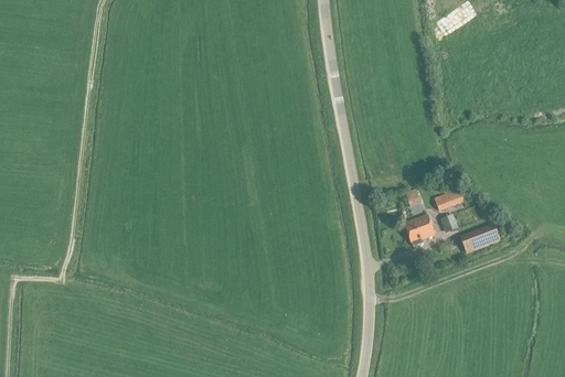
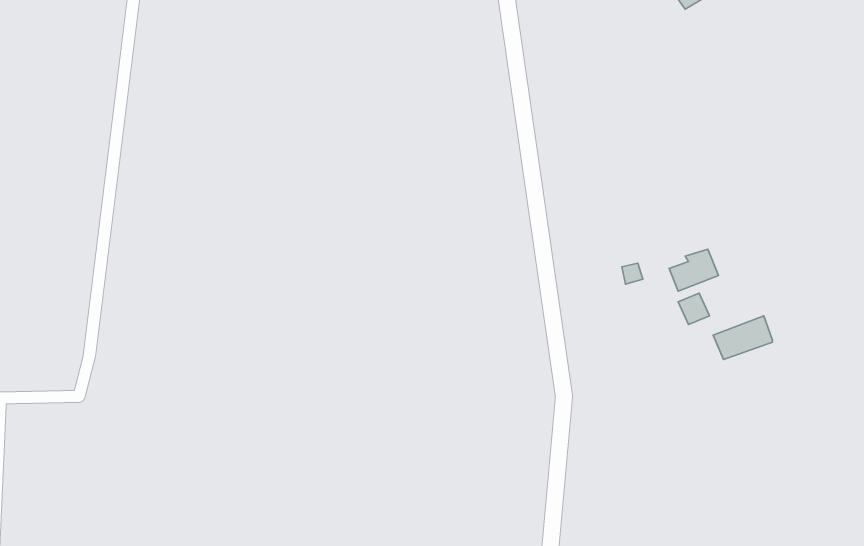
building: [404,215,435,246] -> none

